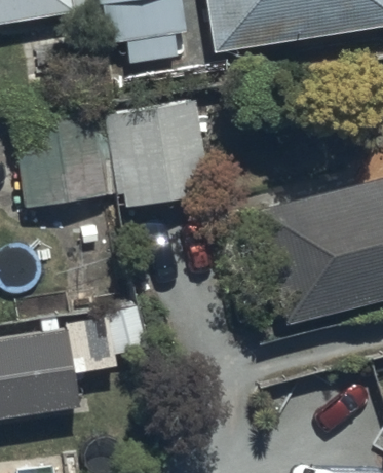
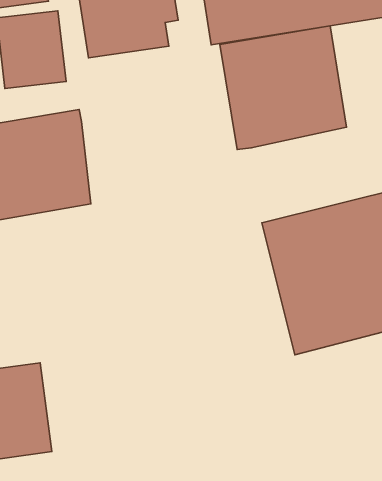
building: none -> [220,26,346,150]
building: [102,104,212,212] -> none

